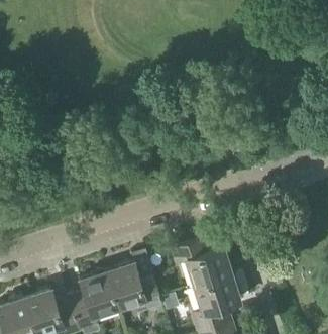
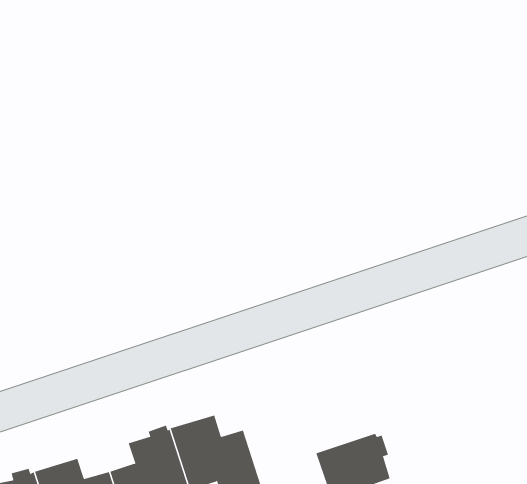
building: [171,240,230,287] -> none

